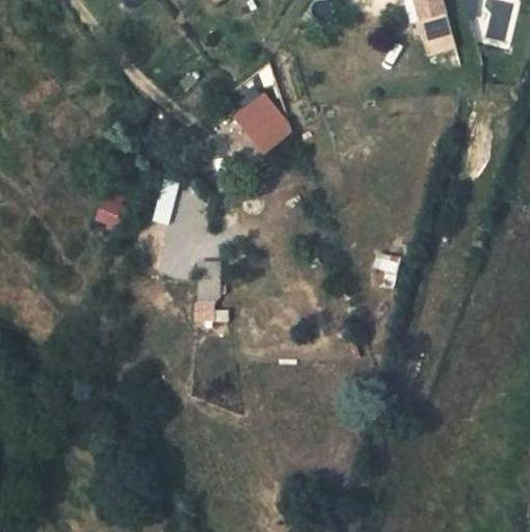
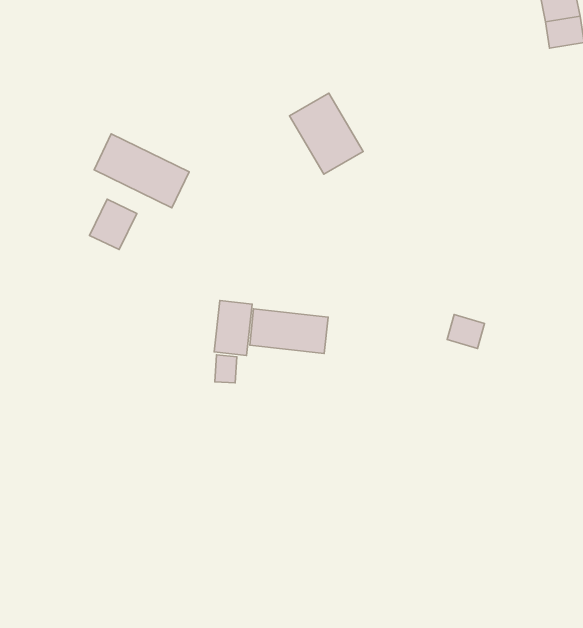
building: none -> [94,134,189,208]
building: none -> [250,309,328,353]

